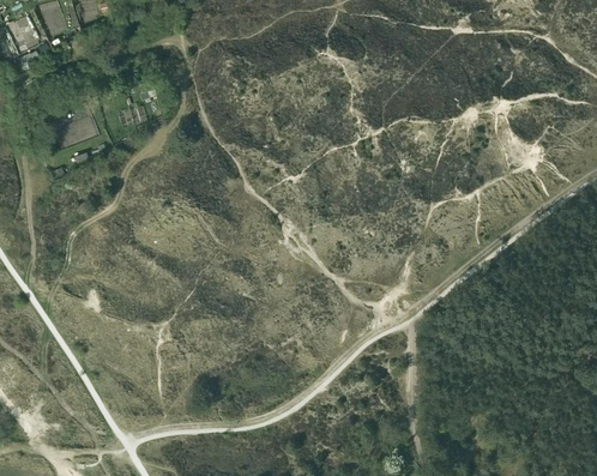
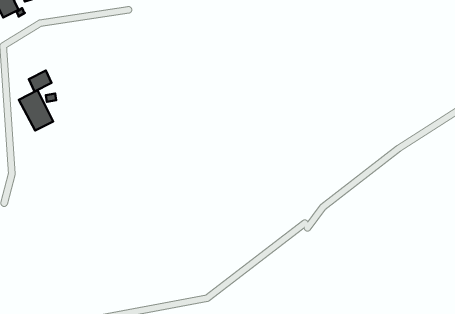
building: none -> [19,90,53,130]

